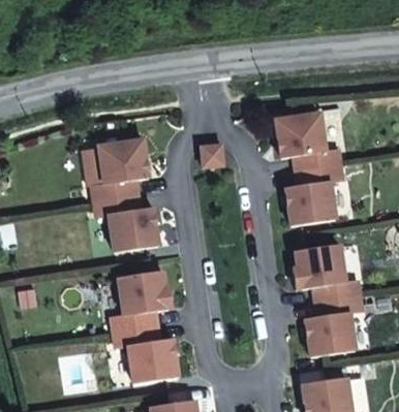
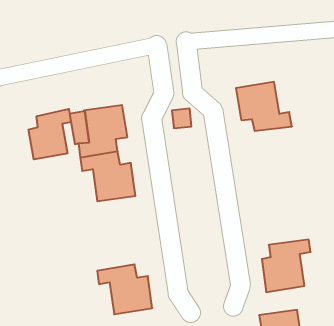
building: none -> [29,109,71,159]
building: [285,165,342,225] -> none
building: [293,245,360,303] -> none
building: [112,271,173,332] -> none

